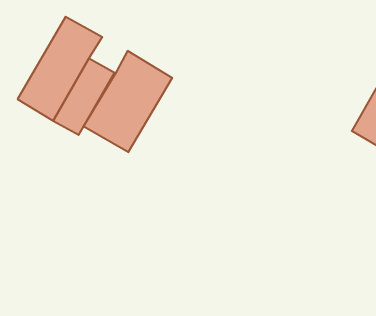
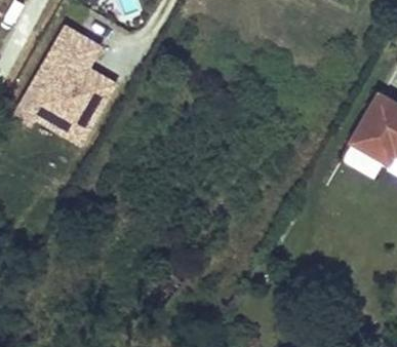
building: [84,51,172,152] -> none

